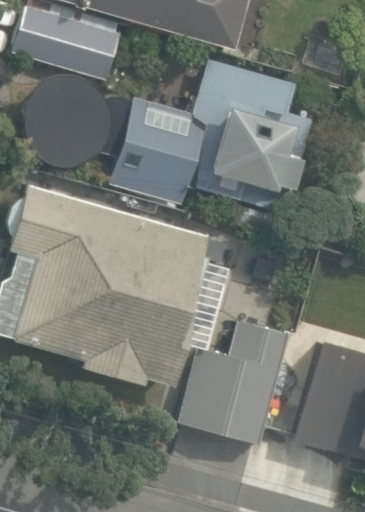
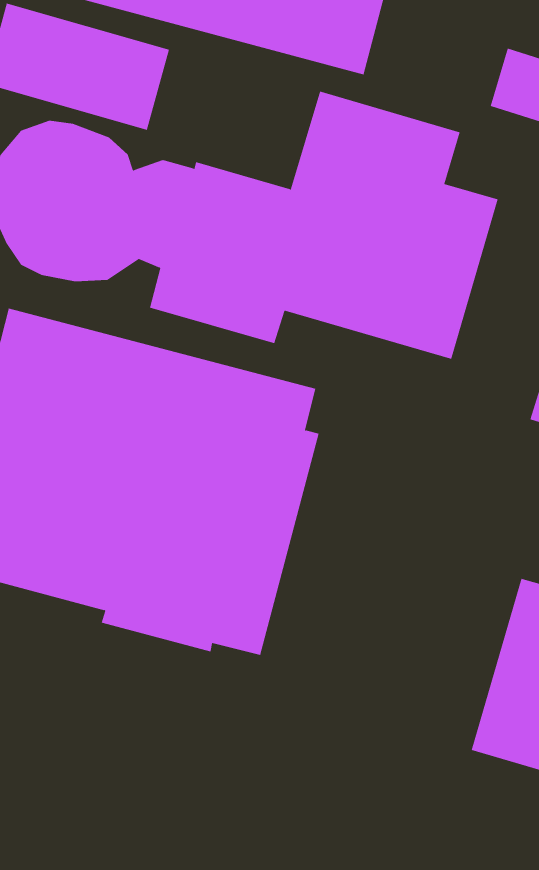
building: [180,321,286,443] -> none

